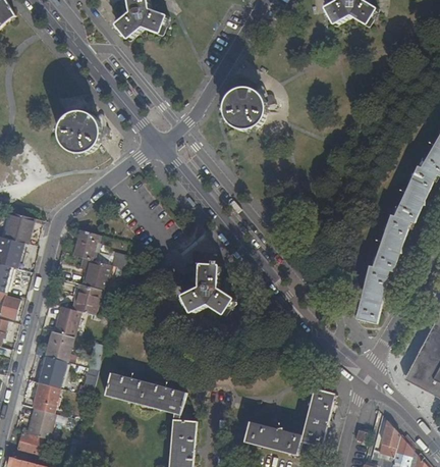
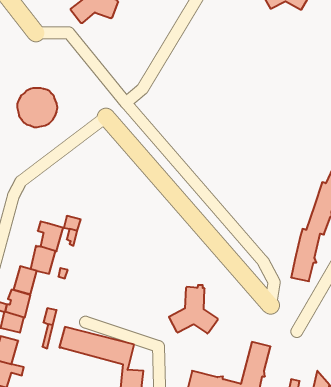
building: [223,88,275,129] -> none
building: [73,228,97,259] -> none
building: [180,262,233,315] -> [169,285,218,334]

